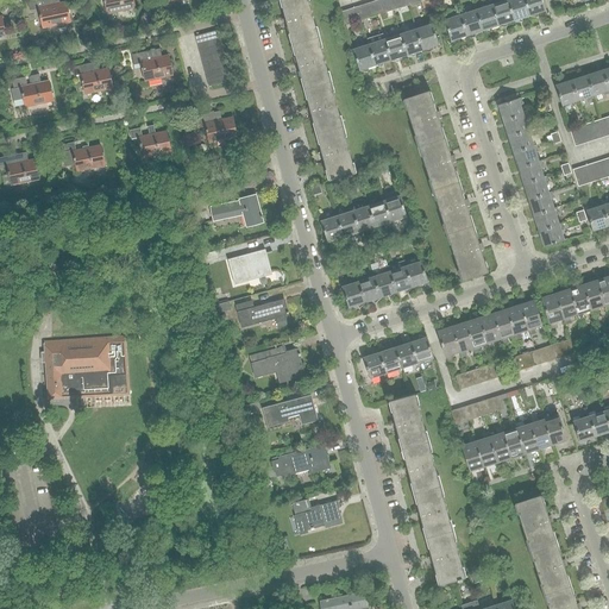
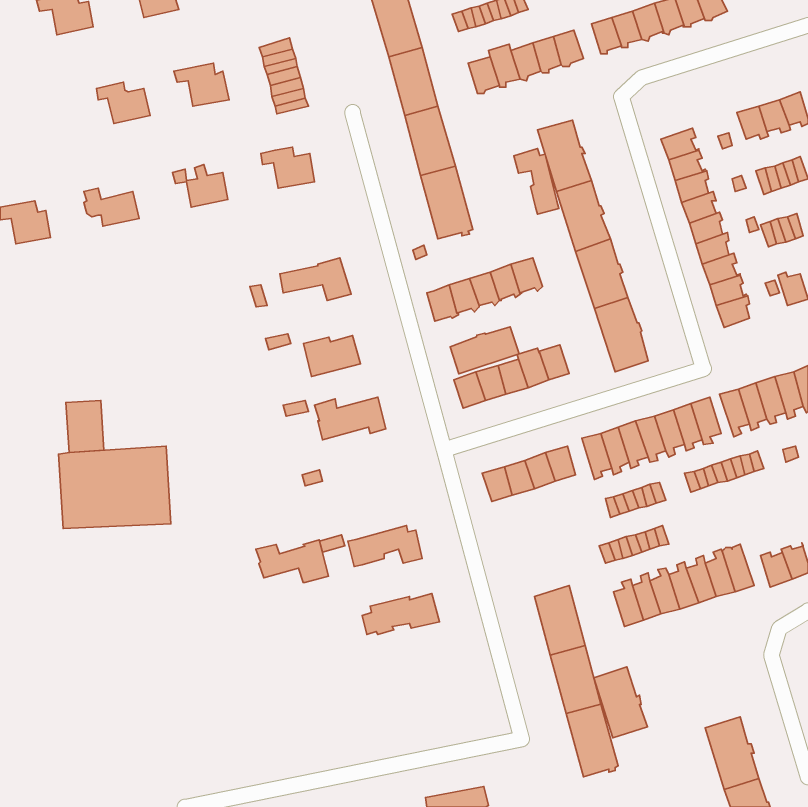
building: [11,74,52,106] -> none
building: none -> [514,148,559,214]
building: none -> [450,327,519,374]
building: none -> [66,400,104,452]
building: [250,347,304,379] -> [256,540,329,582]
building: [389,393,428,448] -> none
building: [516,494,557,547] -> [594,667,647,738]
building: [293,498,343,534] -> none

